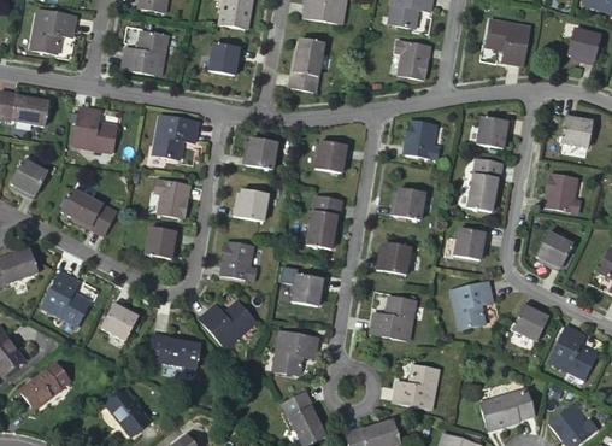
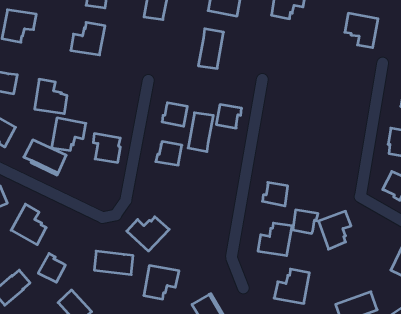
building: [390,40,426,80] -> none
building: [206,43,240,75] -> none
building: [477,110,511,141] -> none
building: [152,116,198,159] -> [52,118,86,150]
building: [405,121,442,160] -> none
building: [466,158,500,211] -> none
building: [390,190,424,221] -> none
building: [305,196,339,248] -> [188,113,213,152]
building: [143,228,177,259] -> none
building: [453,229,487,260] -> [293,210,318,233]
building: [223,241,260,280] -> none
building: [290,275,324,306] -> none
building: [101,303,137,341] -> [38,253,65,282]
building: [510,303,546,341] -> none
building: [271,331,318,376] -> [144,266,179,299]

